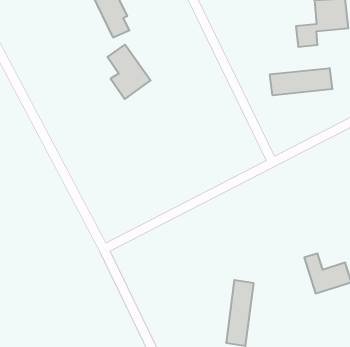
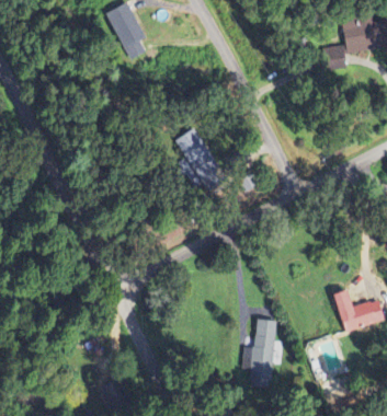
building: [107,45,151,99] -> [175,127,221,185]
building: [270,68,332,95] -> none

